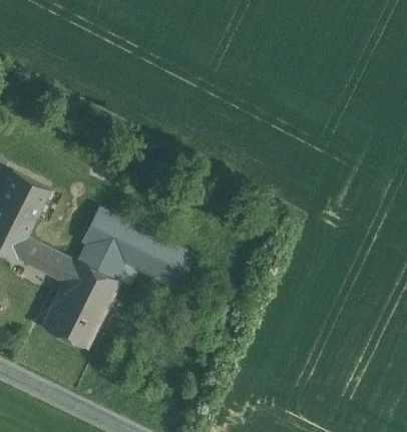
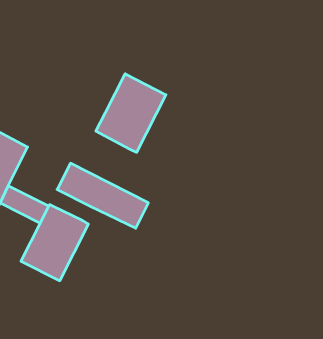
building: none -> [96,74,166,152]
building: [78,243,122,278] -> none

